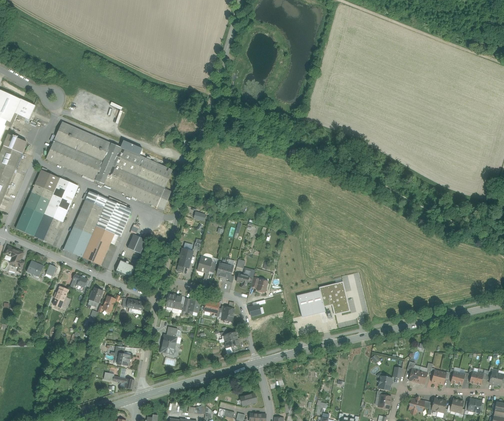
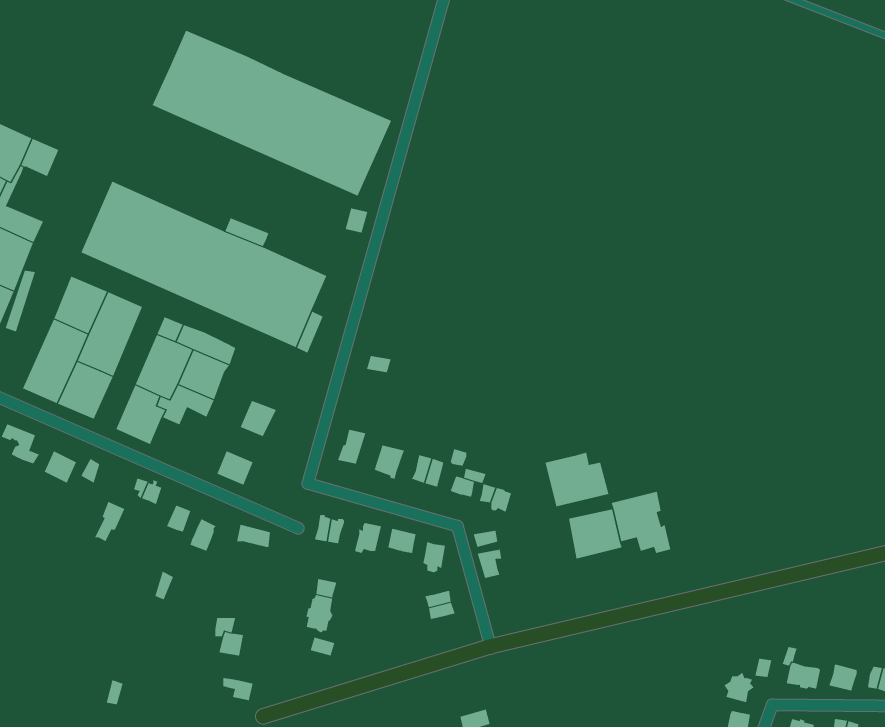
building: none -> [152,30,392,196]
building: [81,238,110,265] -> none
building: none -> [545,452,609,507]

